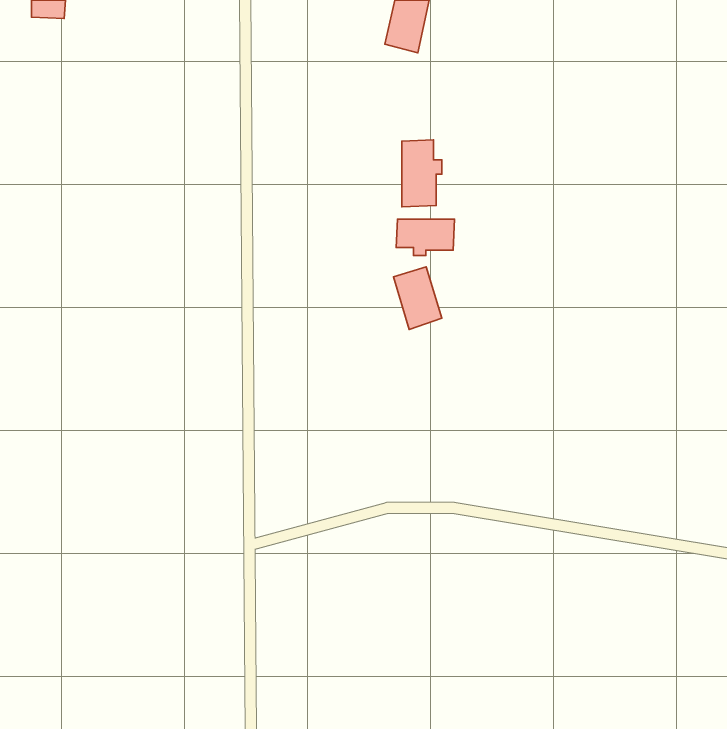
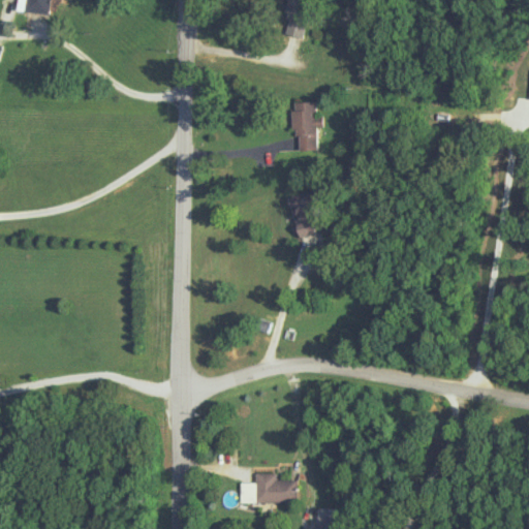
building: [396,219,454,255] -> none
building: none -> [255,473,298,502]

